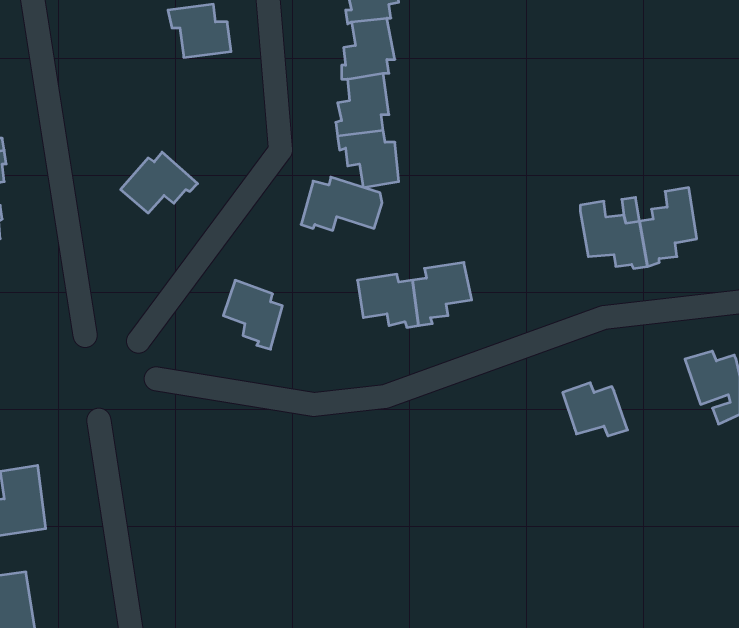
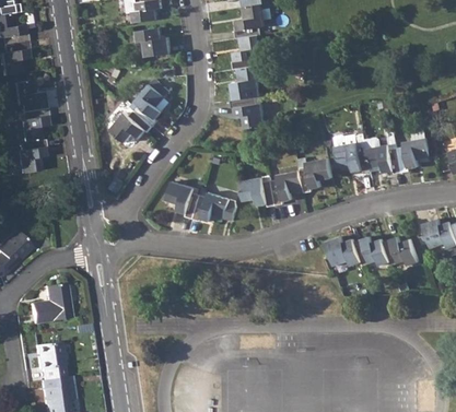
building: none -> [135,84,166,127]
building: [301,177,382,230] -> [195,192,239,222]
building: none -> [336,134,372,172]
building: none -> [302,157,334,192]
building: none -> [328,236,363,267]
building: none -> [385,236,421,267]

